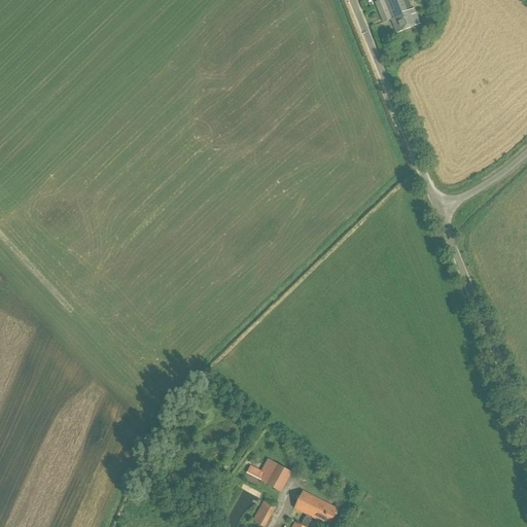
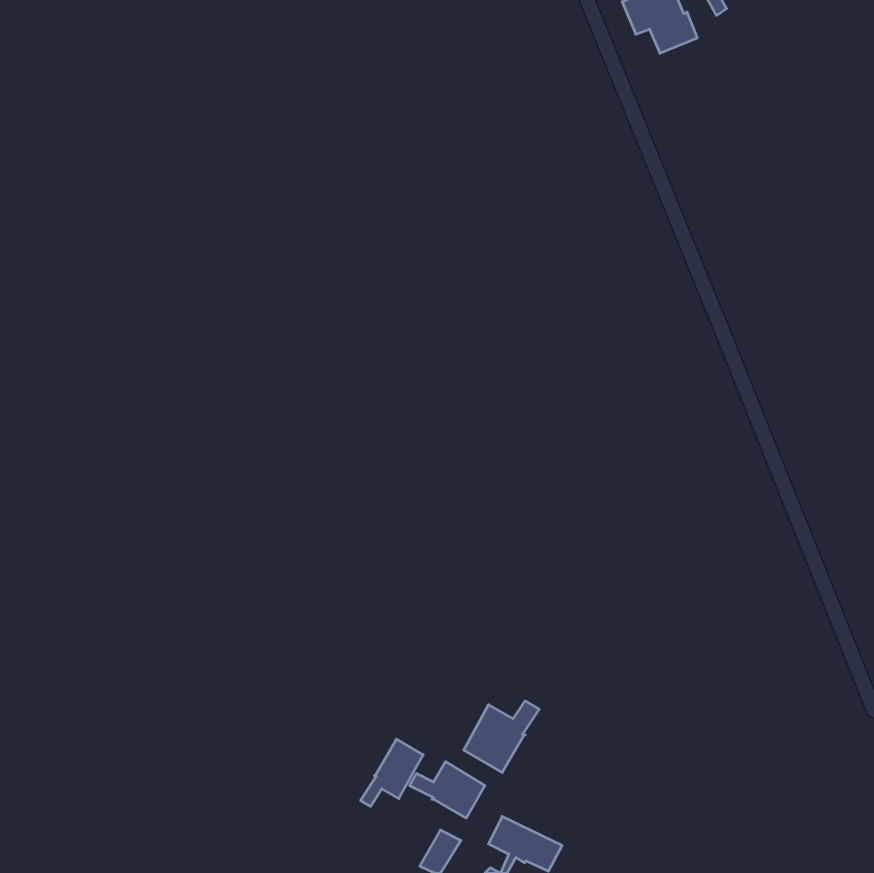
building: none -> [464,701,539,773]
building: none -> [361,739,423,806]

